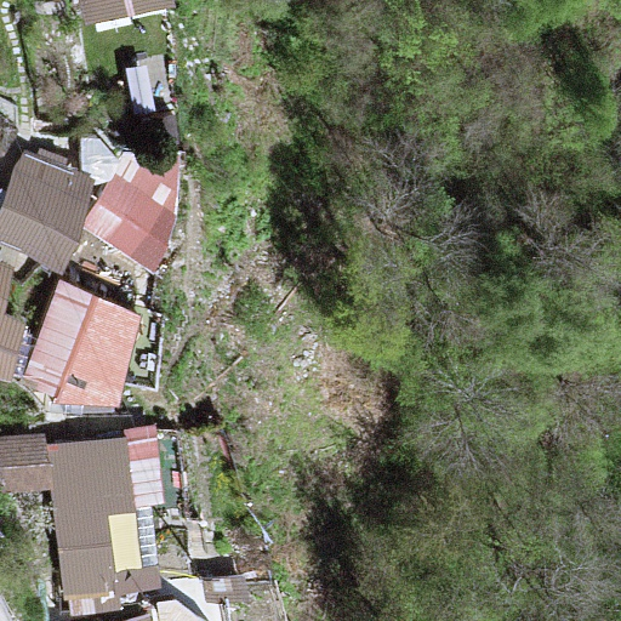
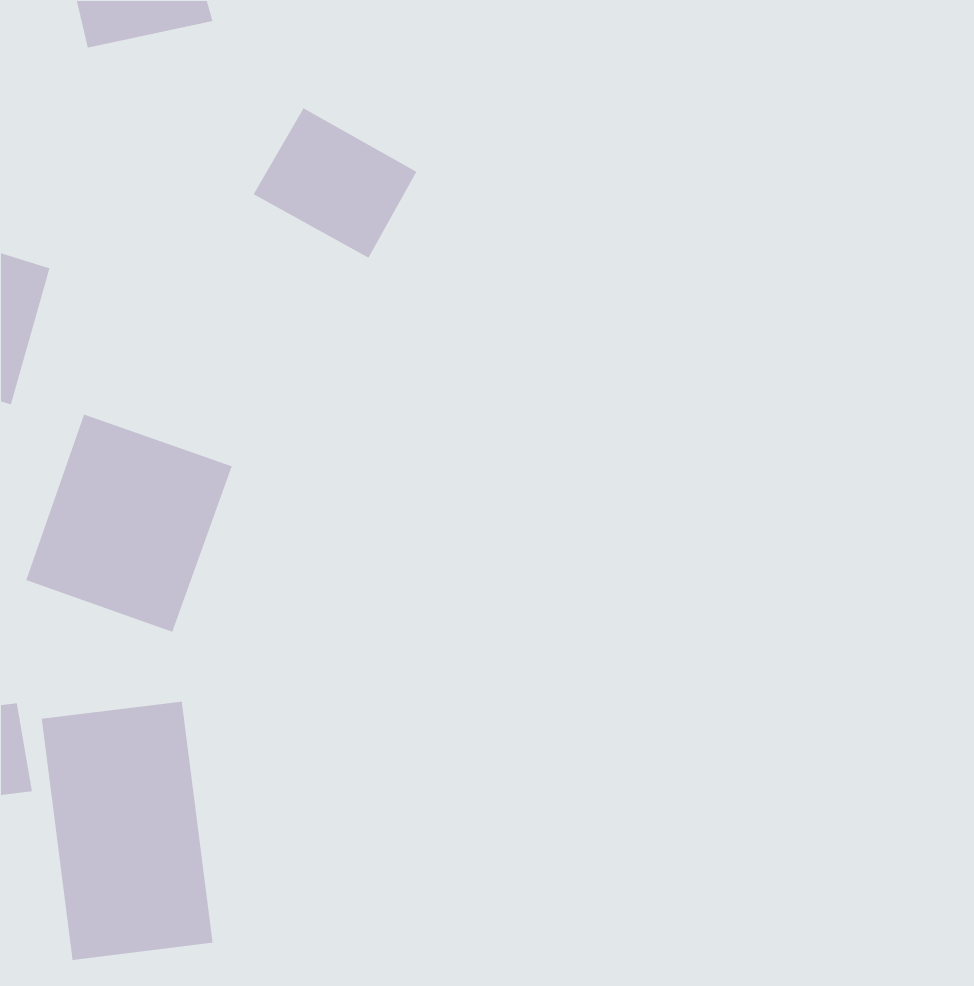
building: [87,156,190,251] -> [253,107,417,259]

